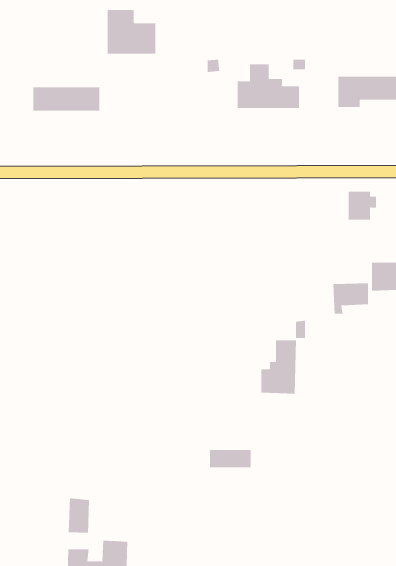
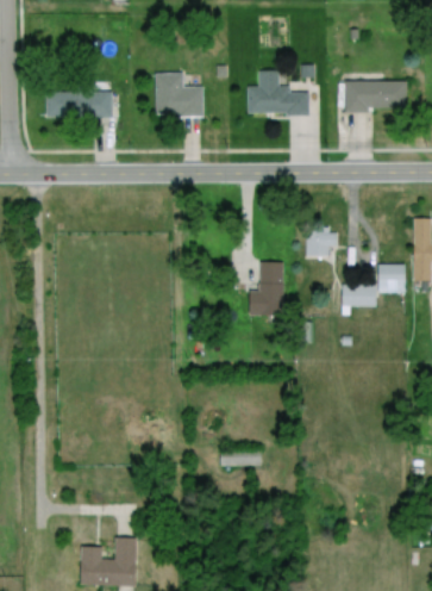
building: [107,9,156,54] -> [156,73,205,117]
building: [348,191,377,220] -> [308,230,337,259]
building: [261,340,297,394] -> [249,261,284,315]
building: [68,497,90,533] -> none

